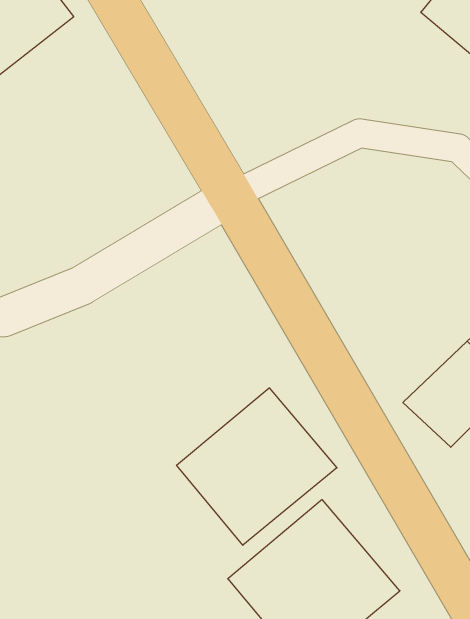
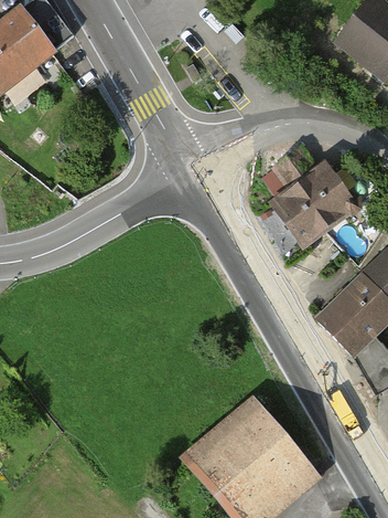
building: none -> [263,152,359,249]
building: [177,388,337,545] -> none

